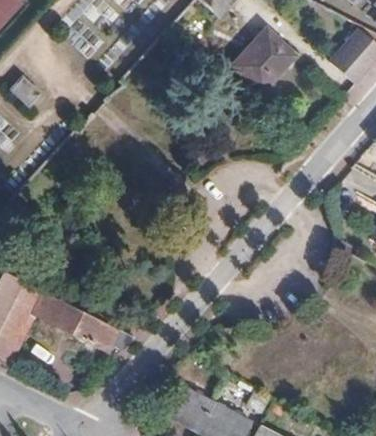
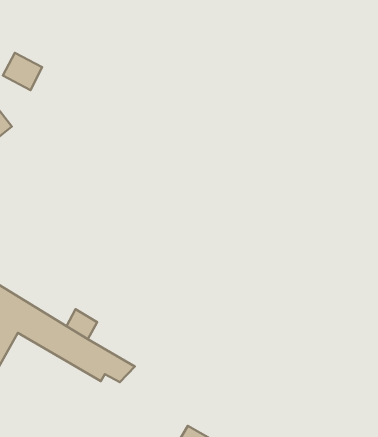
building: [232,29,293,91] -> none

